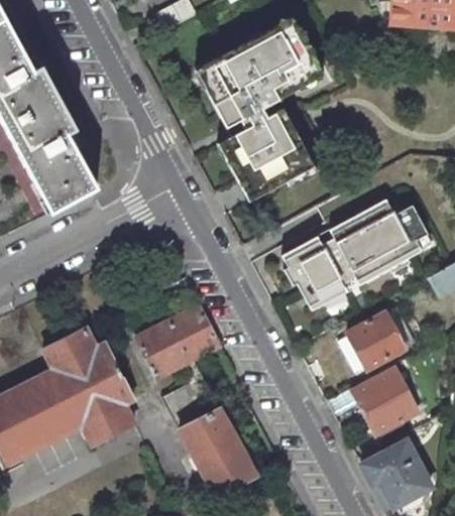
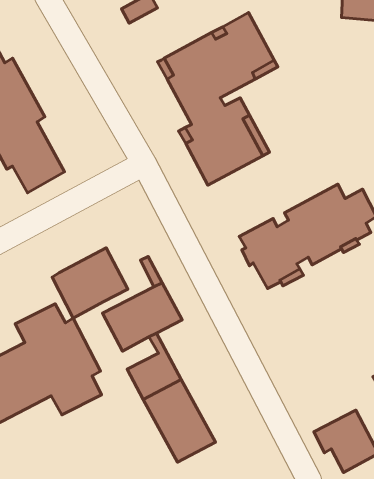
building: none -> [52,248,128,318]
building: [338,311,404,371] -> none
building: [354,368,418,432] -> none

